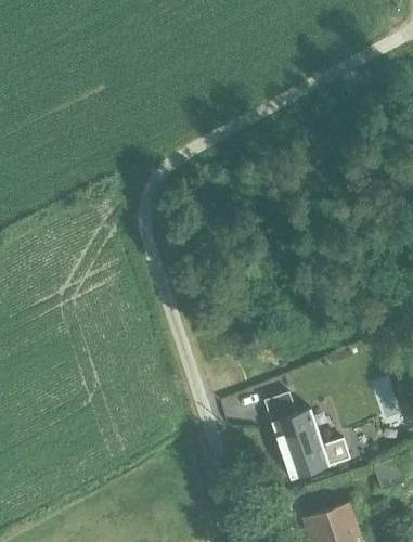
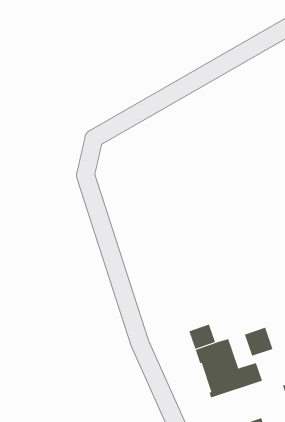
building: none -> [244,327,273,356]

